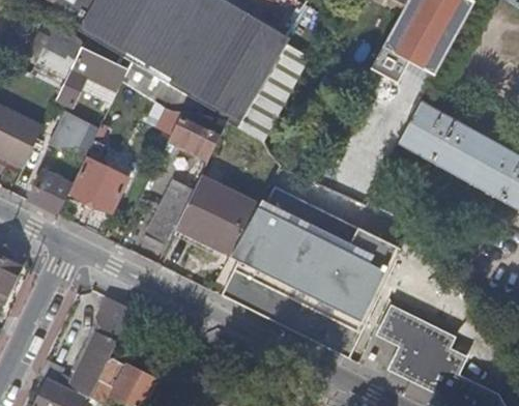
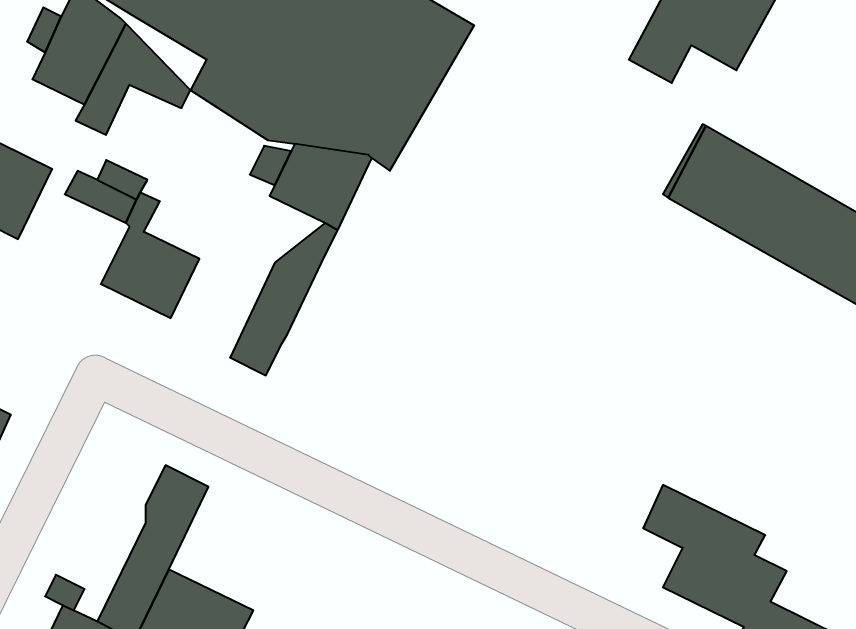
building: [28,171,71,214] -> none
building: [175,175,259,254] -> none
building: [230,192,395,344] -> none

